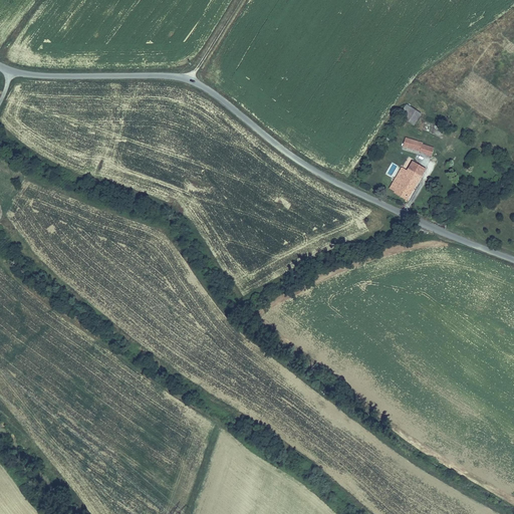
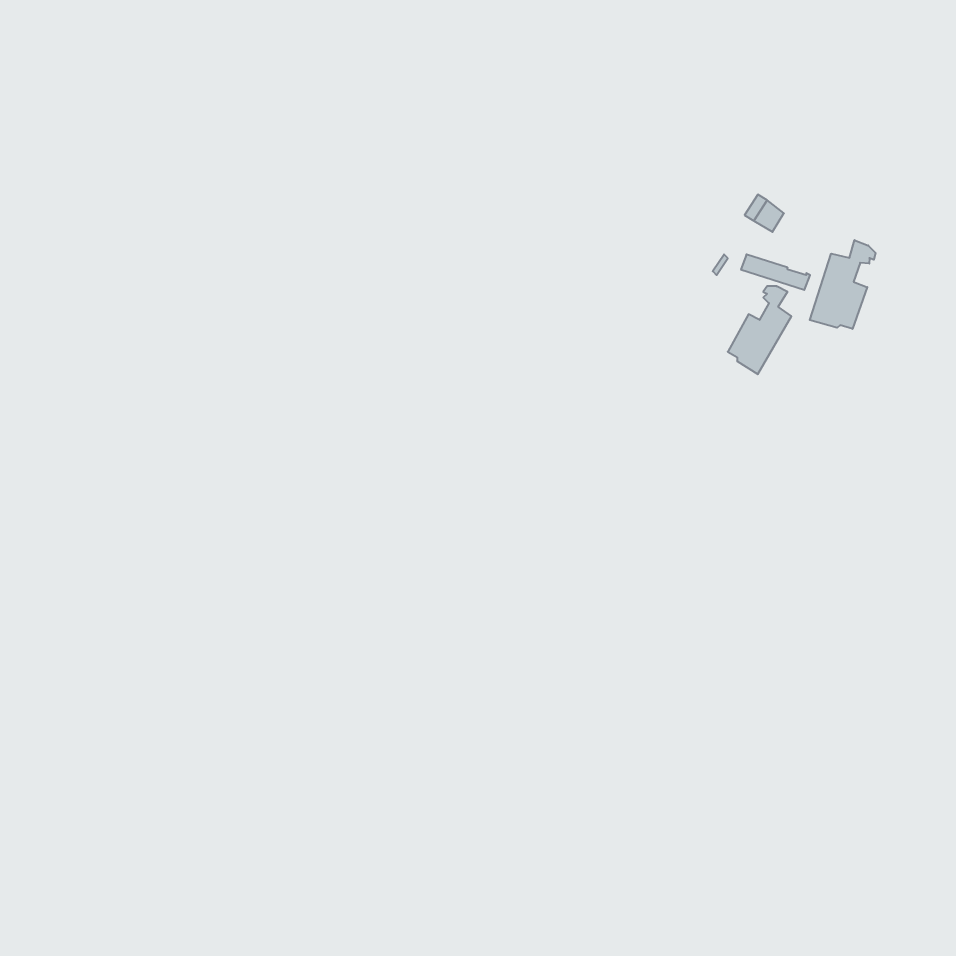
building: none -> [810,240,876,329]

